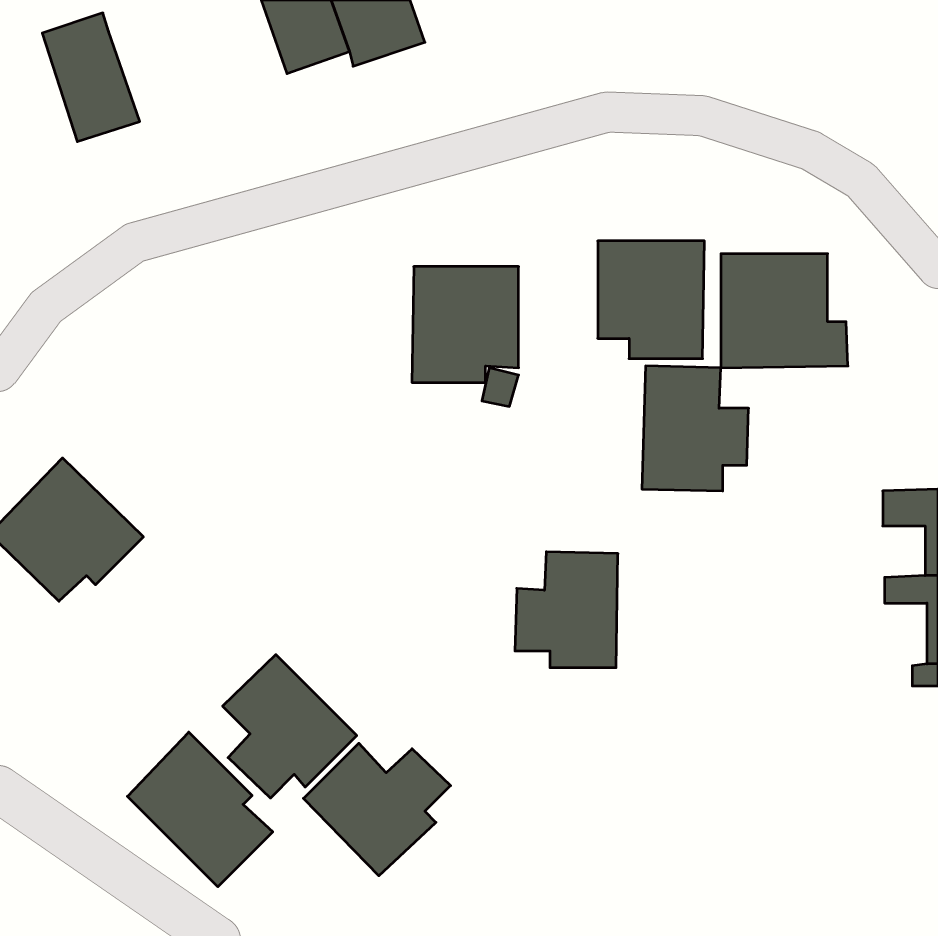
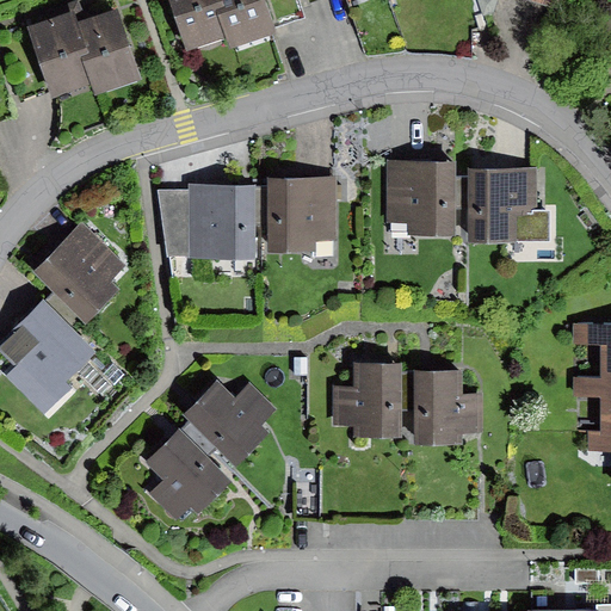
building: none -> [70,7,141,93]
building: none -> [156,184,257,260]
building: none -> [33,224,123,322]
building: [642,366,749,491] -> [412,368,481,449]
building: [127,732,273,887] -> none
building: [303,743,451,876] -> [181,381,277,467]

